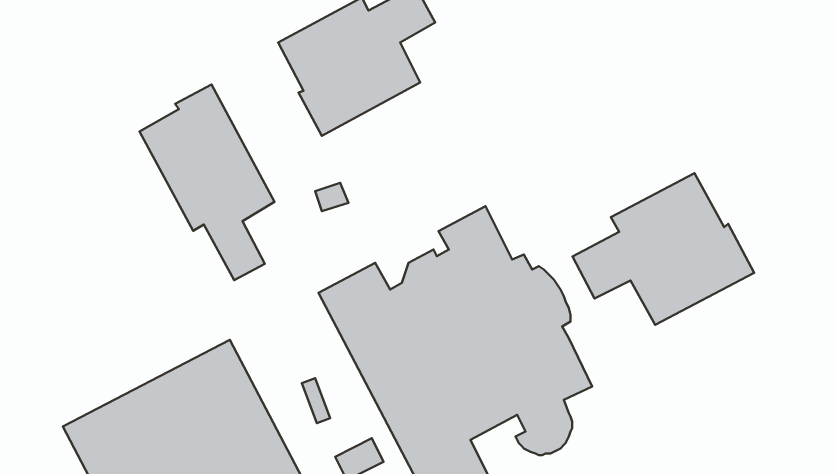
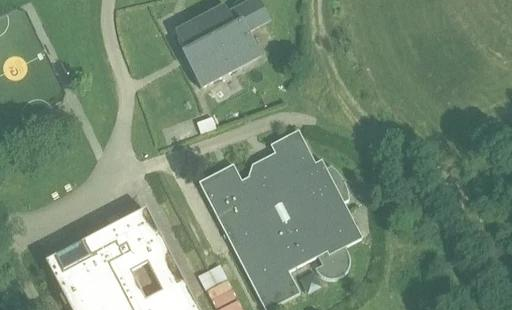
building: [140,84,275,280] -> none
building: [573,173,754,325] -> none

